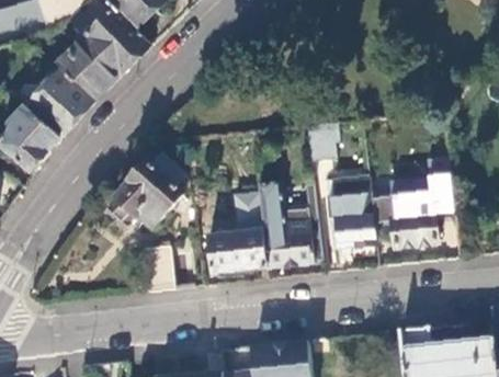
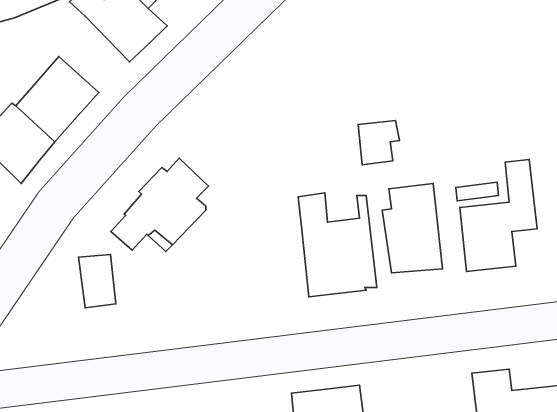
building: [55,36,118,99] -> none
building: [207,214,265,272] -> none
building: [143,245,173,289] -> [79,254,116,308]

